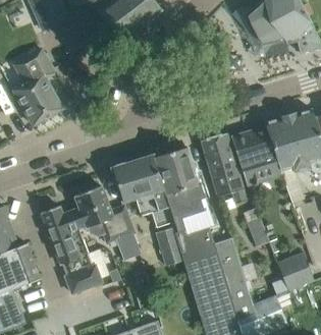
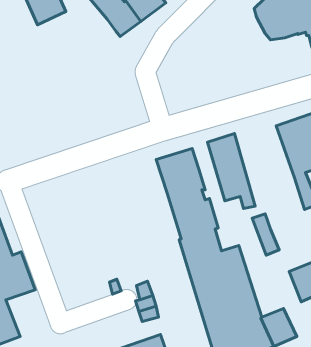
building: [11,49,62,125] -> none
building: [230,125,282,186] -> none
building: [112,156,173,227] -> none
building: [41,185,141,295] -> none
building: [156,227,182,265] -> none

